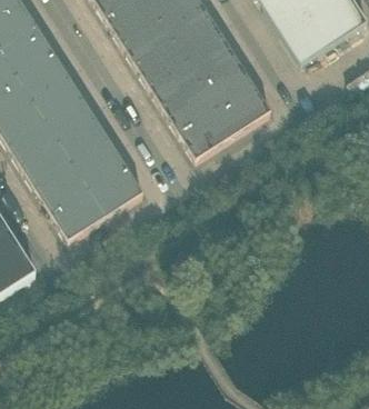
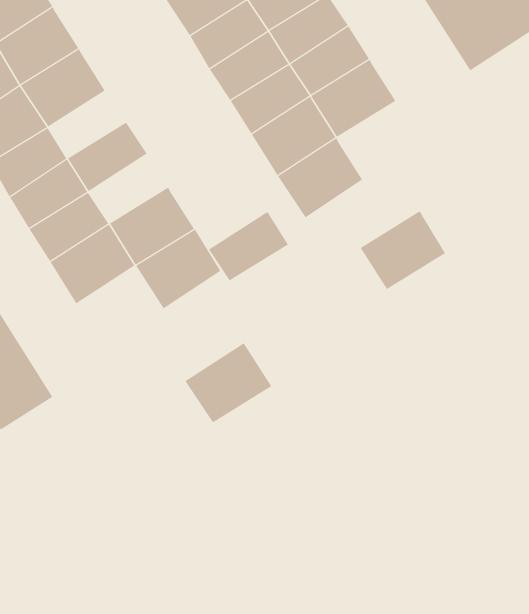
building: [32,76,82,119] -> none
building: [216,82,270,132] -> [360,211,446,290]
building: [58,116,109,160] -> [208,211,289,281]
building: [50,187,106,238] -> [185,342,272,423]

